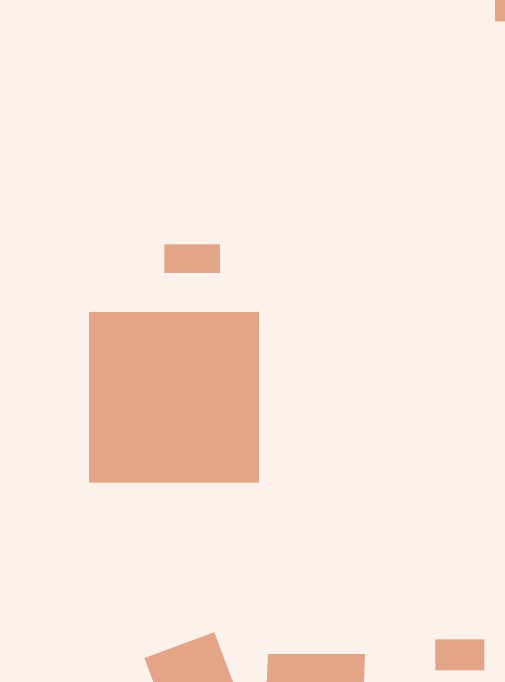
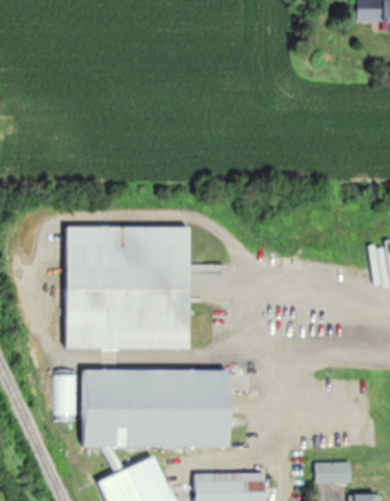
building: [164,244,220,274] -> none
building: none -> [81,371,229,447]

